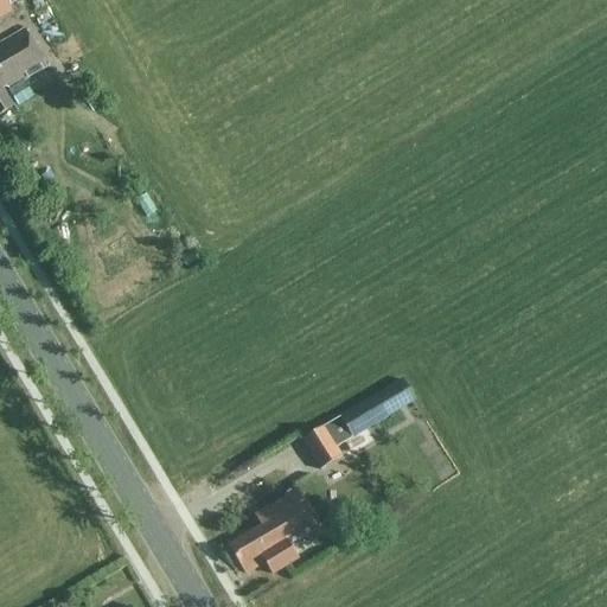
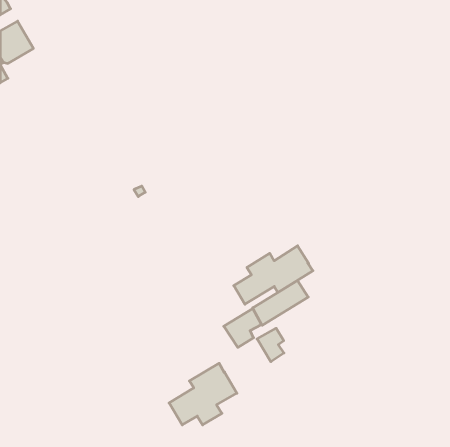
building: none -> [234,246,313,304]
building: none -> [257,328,284,362]

